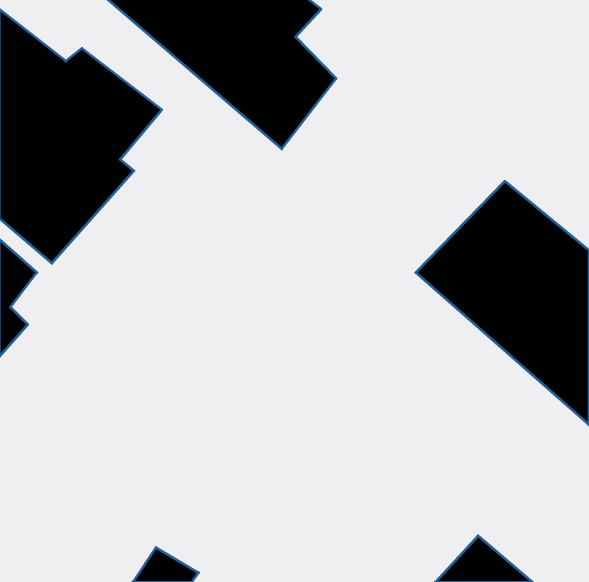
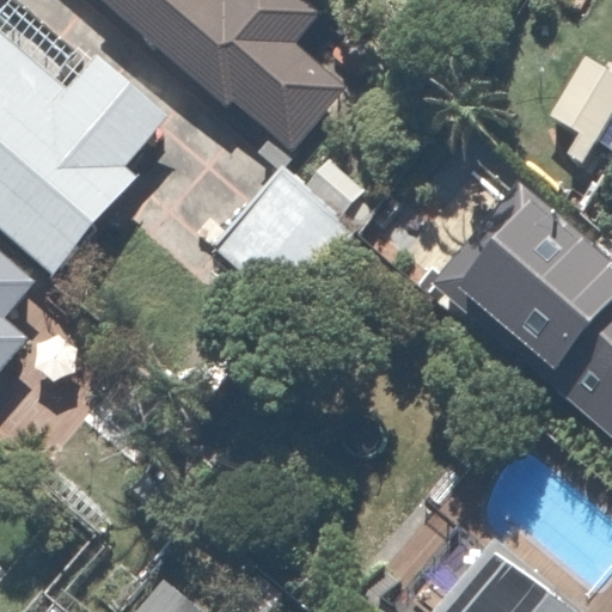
building: none -> [213,152,361,301]

